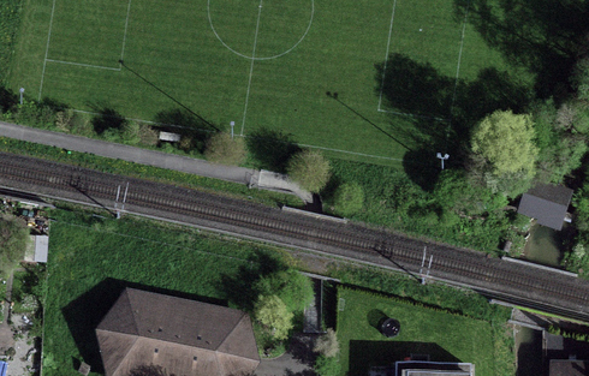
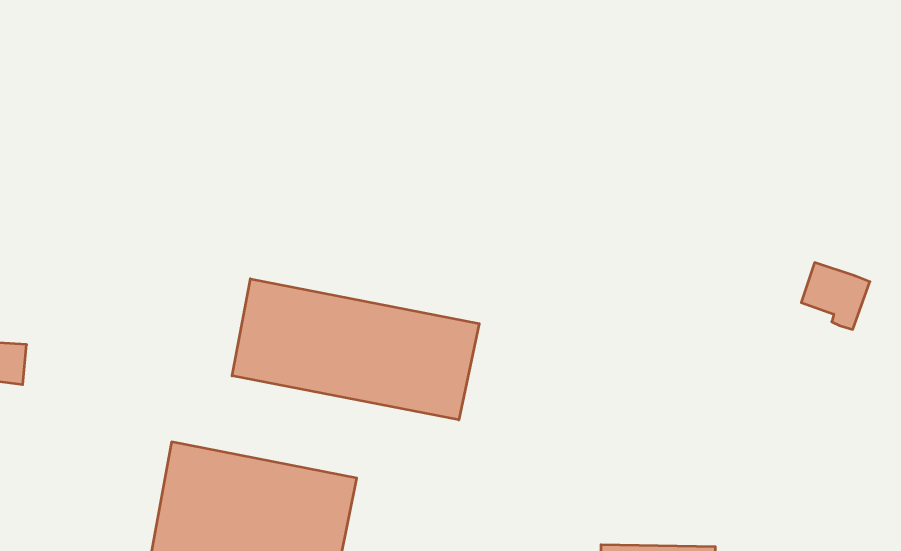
building: none -> [232,279,479,420]

